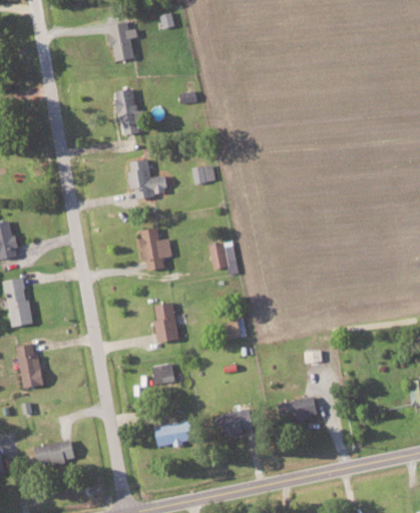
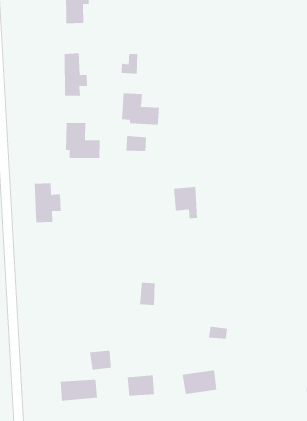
building: none -> [121,93,160,125]
building: [139,227,171,271] -> [34,183,62,223]
building: [207,241,237,276] -> [173,186,198,219]
building: [153,303,178,343] -> none
building: [149,363,174,386] -> [89,350,112,370]

